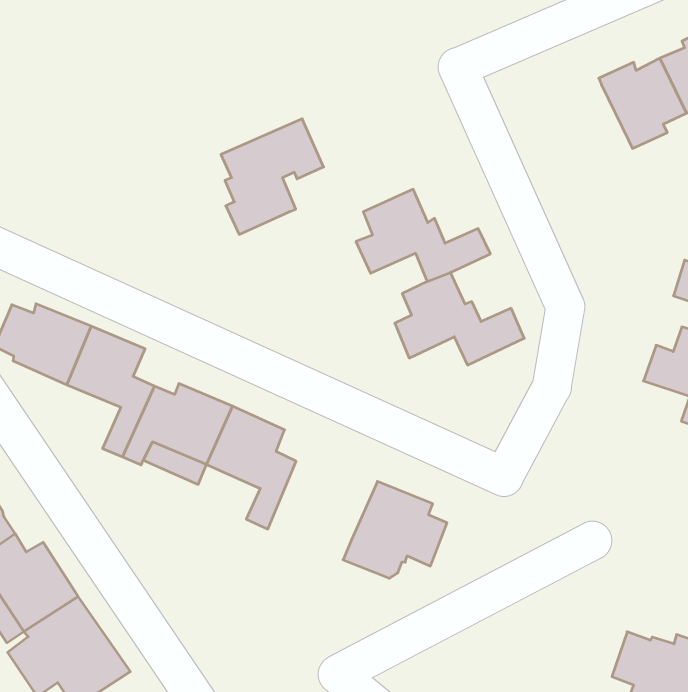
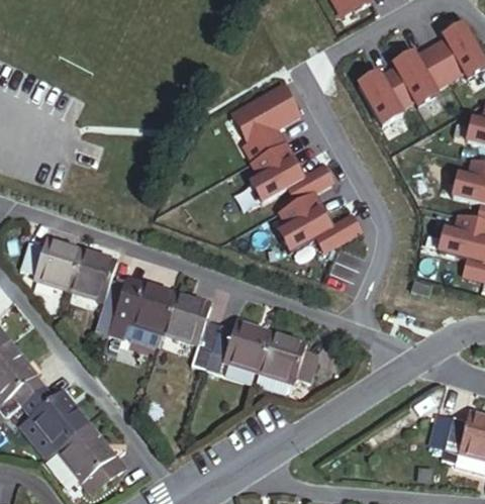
building: none -> [357,68,413,127]
building: [221,119,324,234] -> [233,85,299,162]
building: none -> [207,320,274,372]

